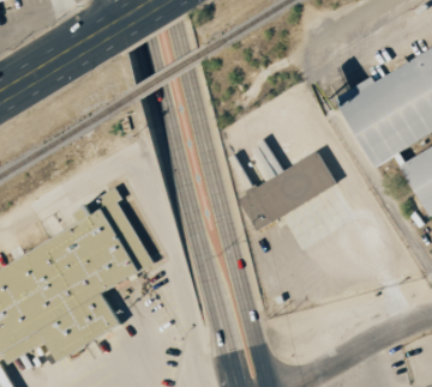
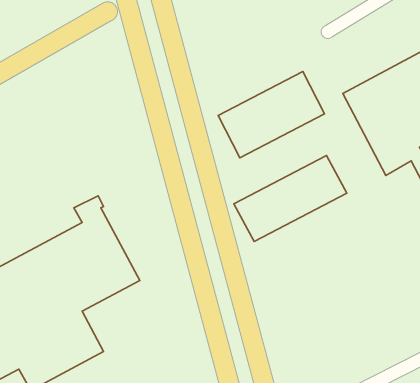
building: none -> [218,71,324,158]

